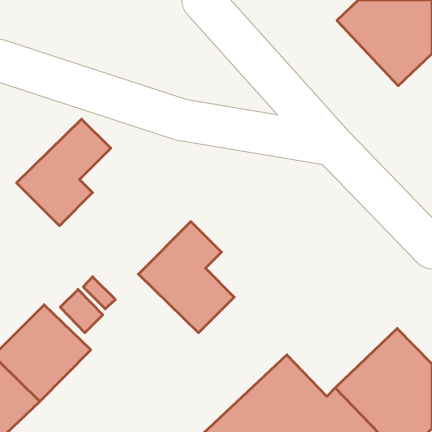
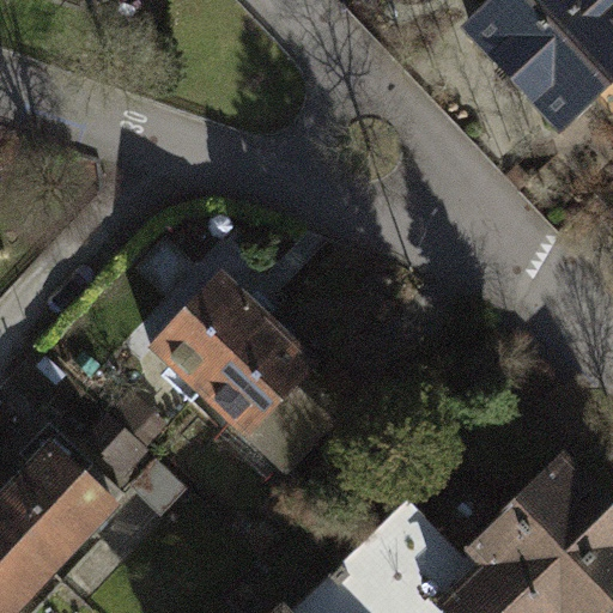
building: [17,119,111,226] -> none
building: none -> [153,273,269,389]

